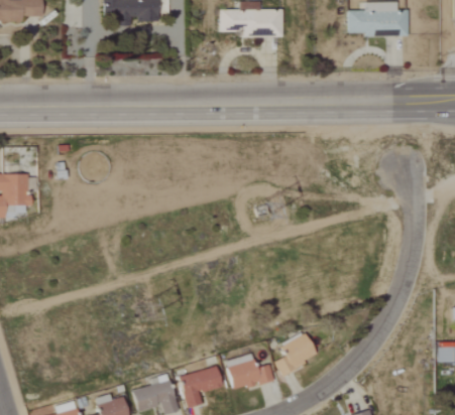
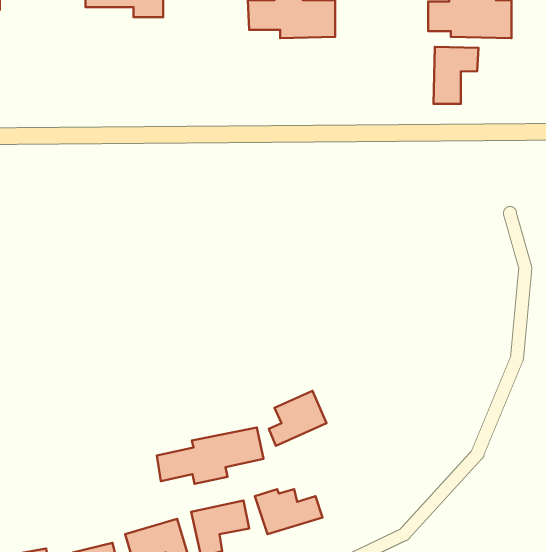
building: none -> [433,47,479,104]
building: none -> [157,427,264,484]
building: [275,333,317,373] -> [269,391,327,446]

